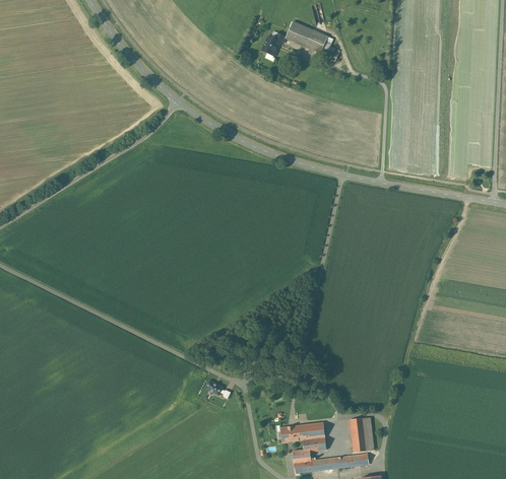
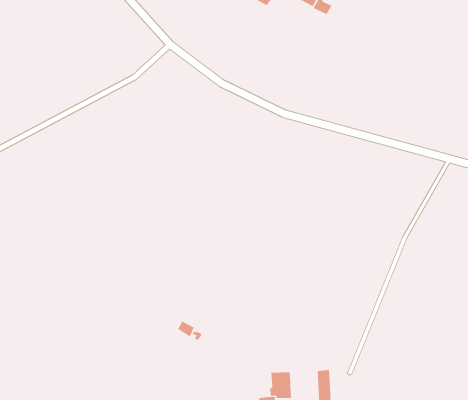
building: [277,424,305,441] -> none

